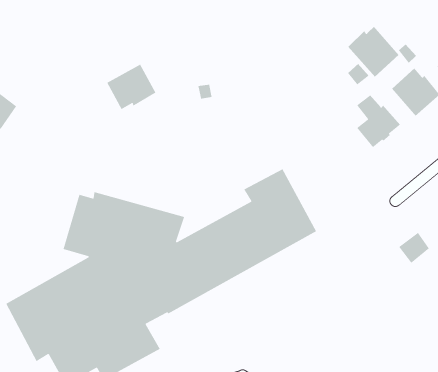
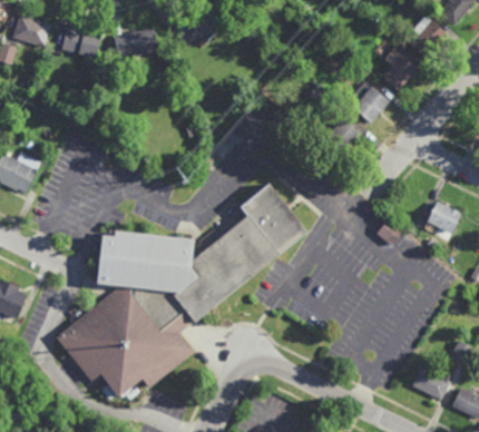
building: [348,26,400,77] -> none
building: [106,63,156,110] -> none

